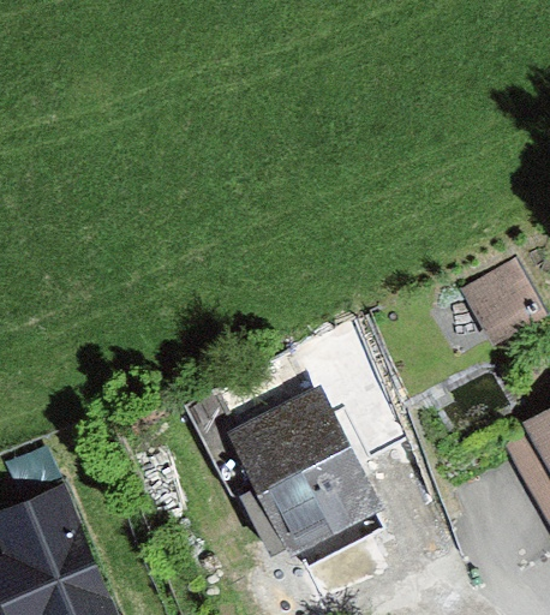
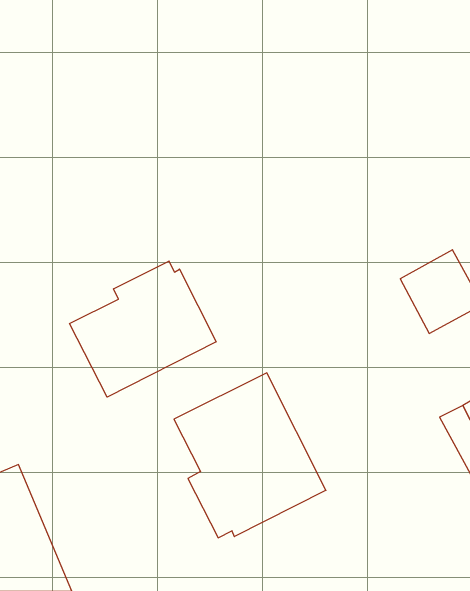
building: none -> [70,261,216,397]

